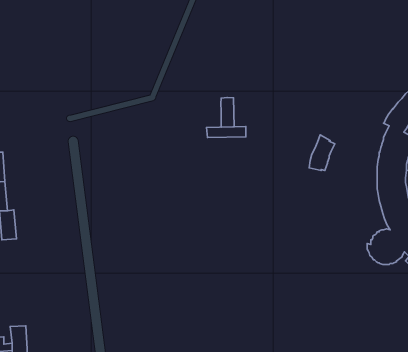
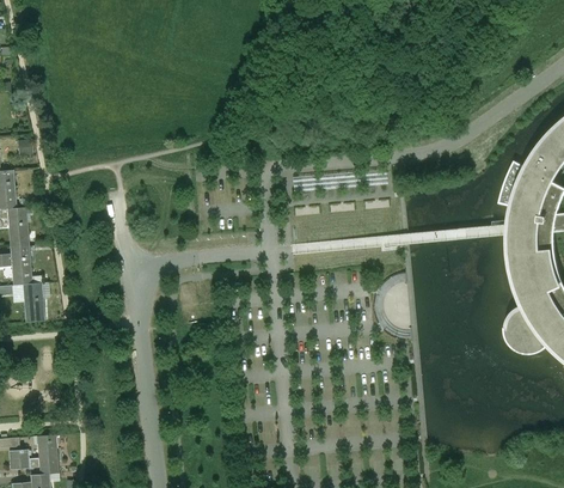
building: [221,97,234,127] -> none
building: [309,135,335,170] -> [498,160,532,207]

